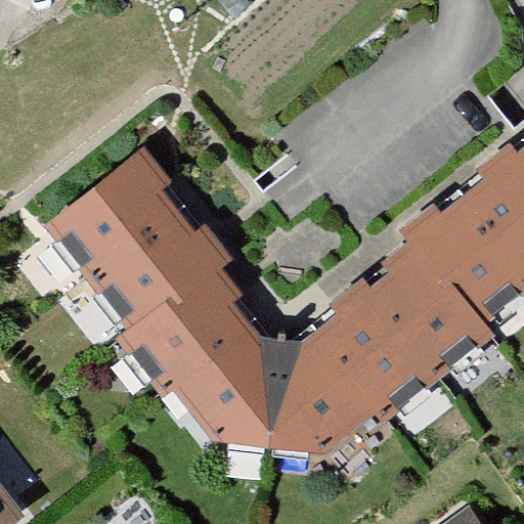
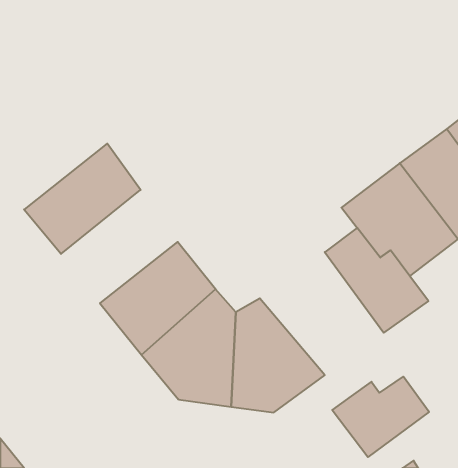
building: [84,210,213,335] -> none
building: [304,278,441,414] -> none
building: none -> [332,377,429,457]

